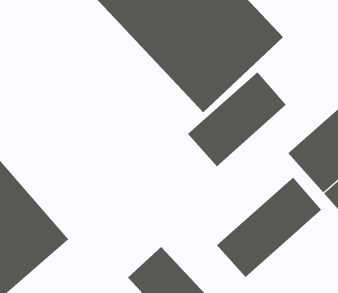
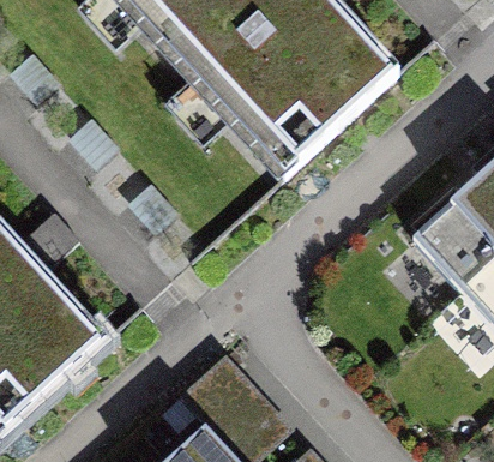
building: [187,72,287,167] -> none
building: [216,177,322,278] -> none

